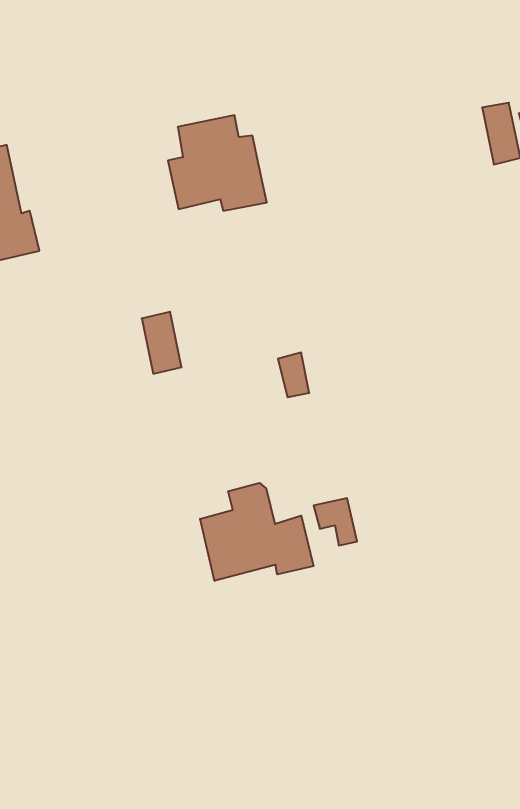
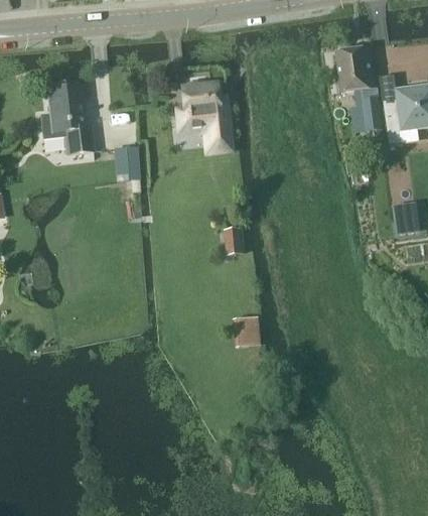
building: none -> [336,48,373,93]
building: [142,312,182,374] -> [121,145,141,180]
building: [200,483,313,581] -> none

